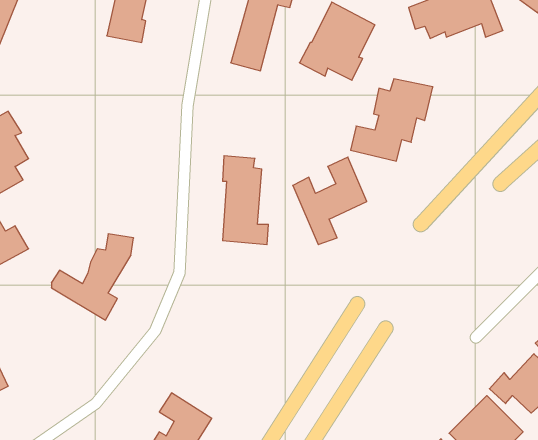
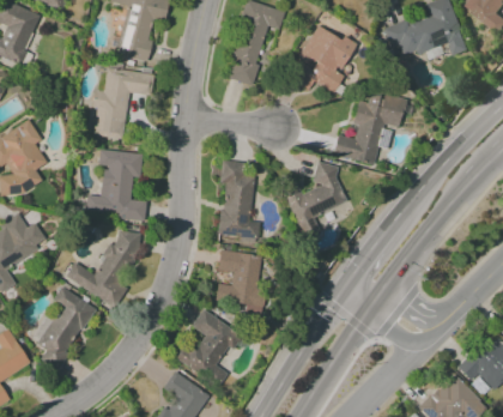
building: none -> [92,68,153,139]
building: none -> [85,150,146,219]
building: none -> [216,250,265,314]
building: none -> [32,286,95,368]
building: none -> [172,310,243,386]

